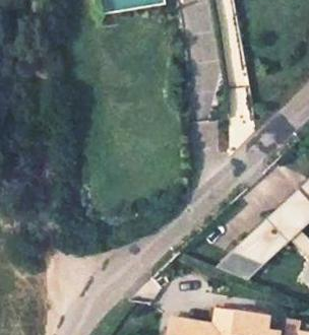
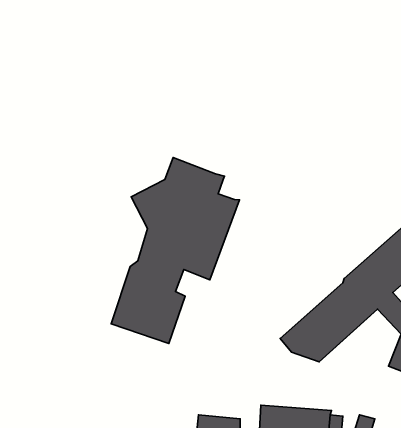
building: none -> [111,158,239,344]

